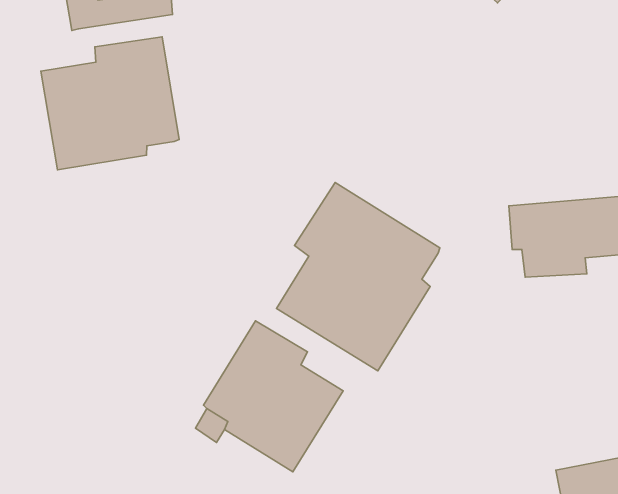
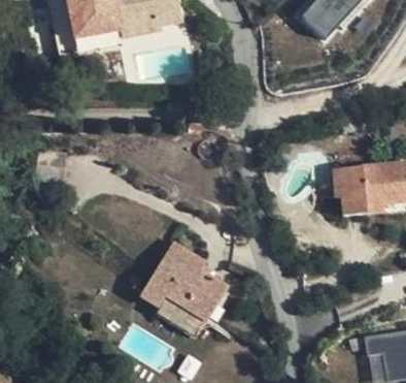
building: [41,37,179,170] -> none
building: [276,182,440,371] -> none

